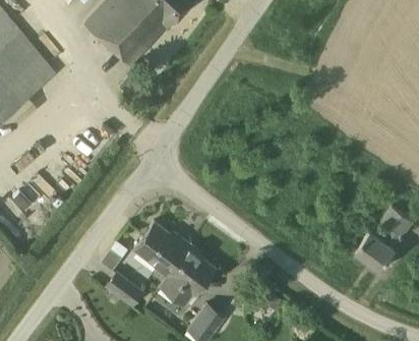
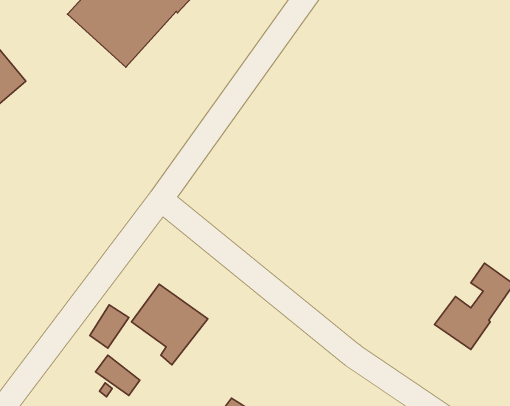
building: [161,249,216,305] -> none

